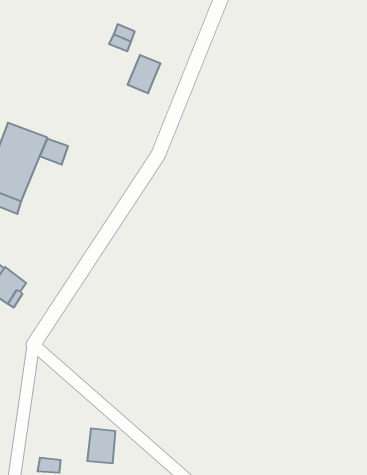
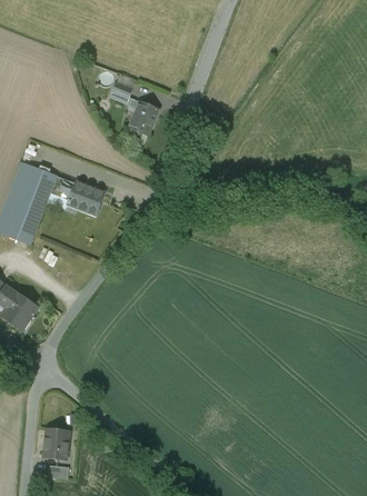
building: none -> [68,182,105,214]
building: [87,429,115,463] -> [43,428,69,459]

